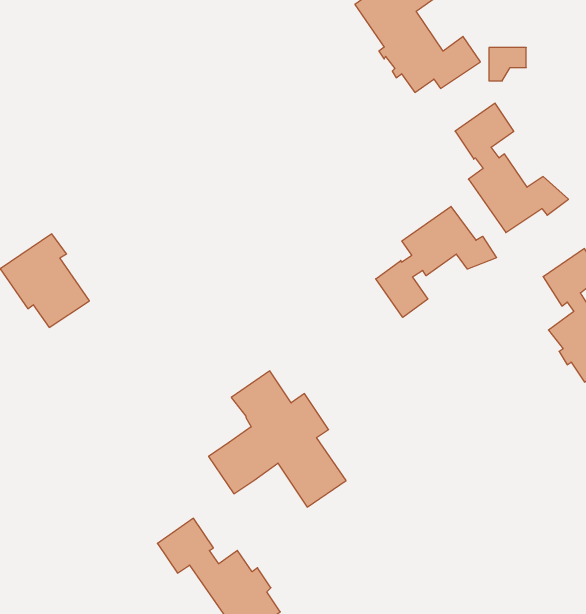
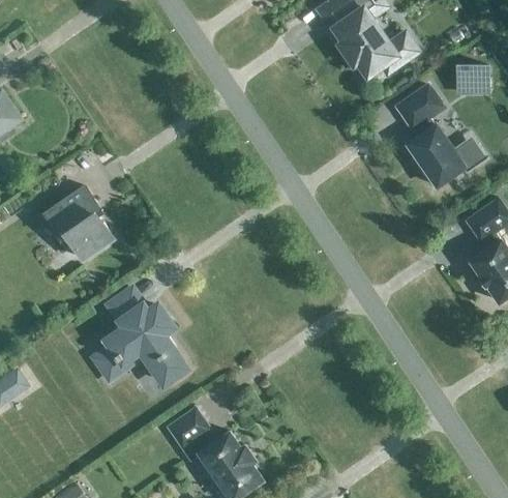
building: [489,48,526,81] -> [457,65,486,91]
building: [376,206,497,317] -> none
building: [209,371,346,507] -> [85,285,191,390]

